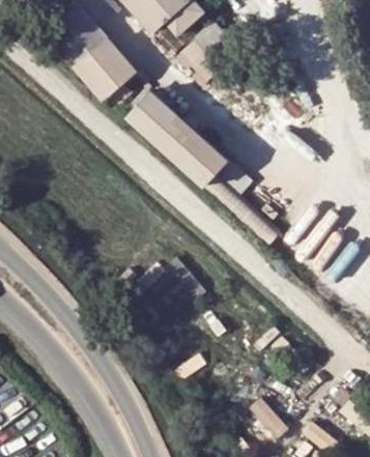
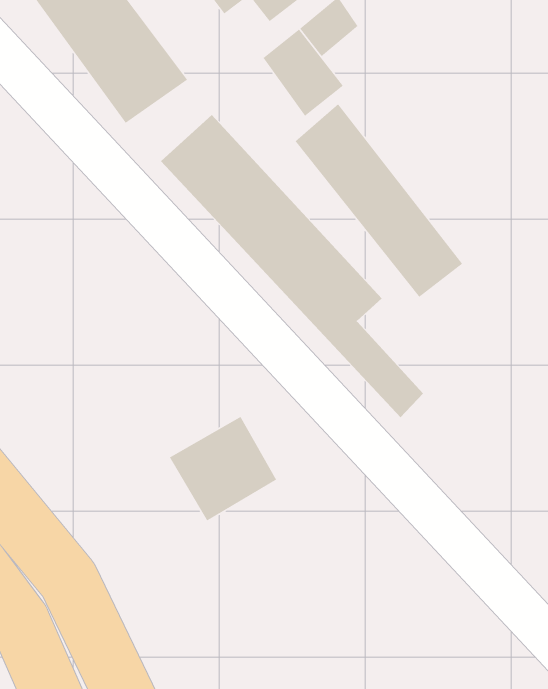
building: none -> [294,103,463,298]

